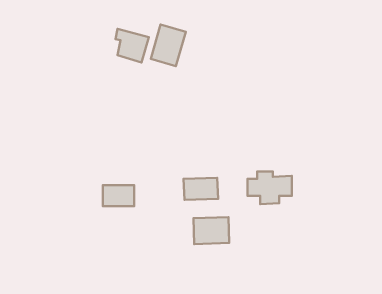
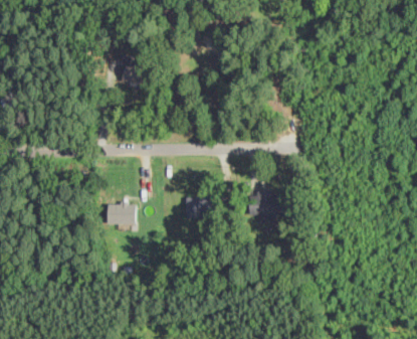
building: [151,25,186,66] -> none
building: [193,217,229,244] -> none

